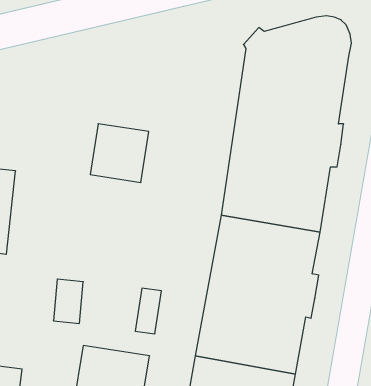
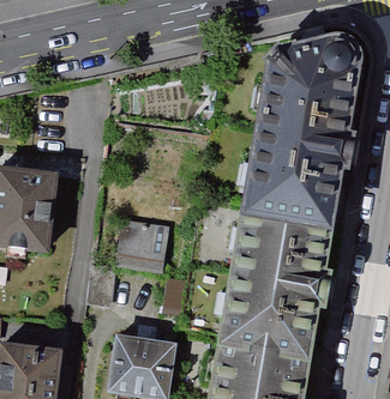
building: [90,124,149,182] -> [115,218,169,272]

